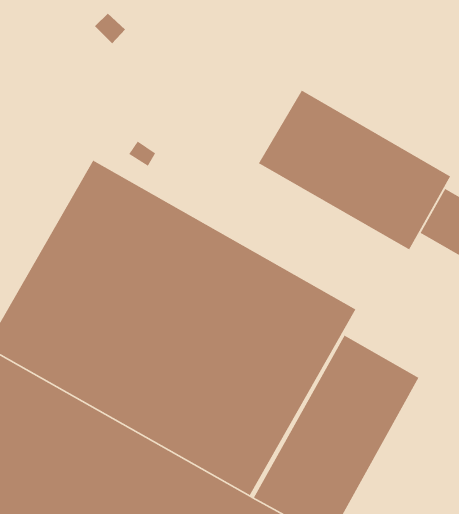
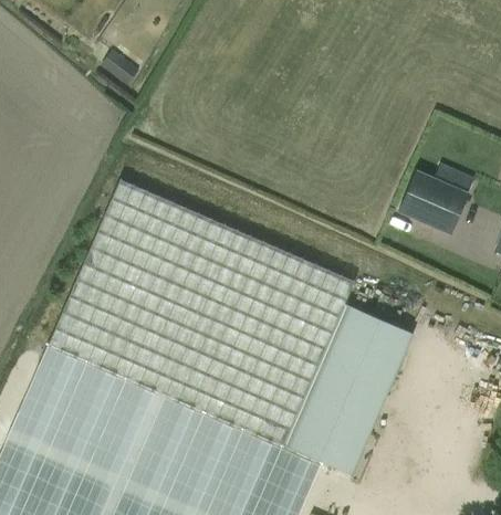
building: [258,89,451,250] -> none

